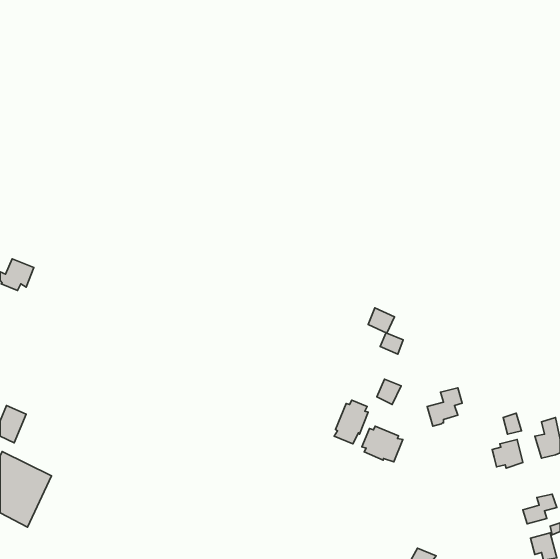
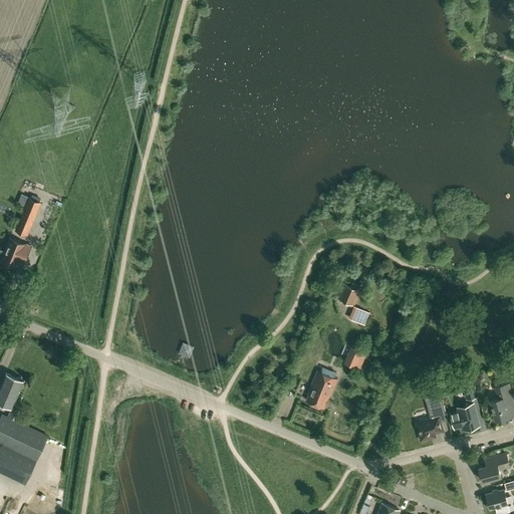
building: none -> [15,195,41,235]
building: [427,388,462,426] -> [416,406,448,441]
building: [362,426,403,462] -> none

